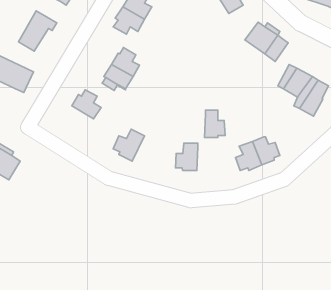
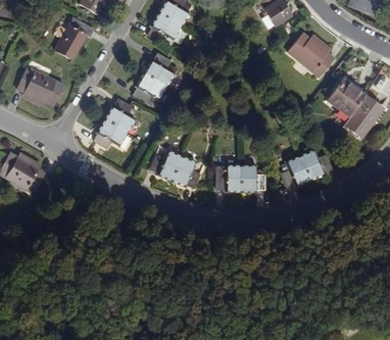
building: none -> [94,120,127,151]
building: [205,110,225,138] -> [239,161,261,191]
building: none -> [168,153,198,187]

